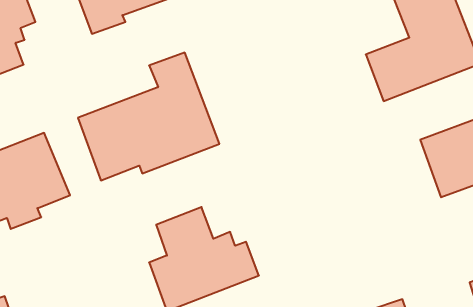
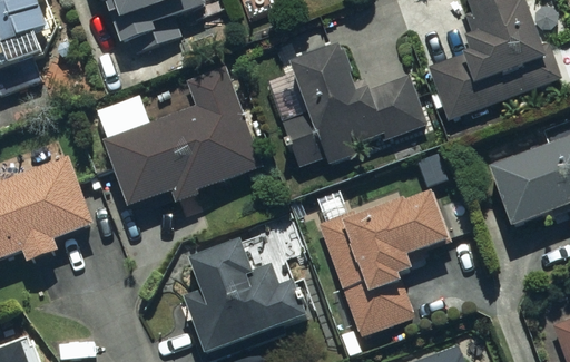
building: none -> [261,38,426,170]
building: none -> [312,186,454,339]

